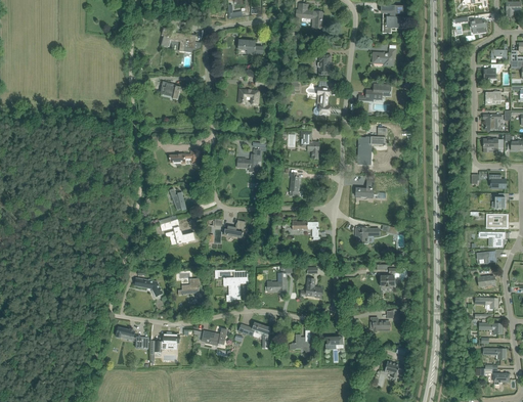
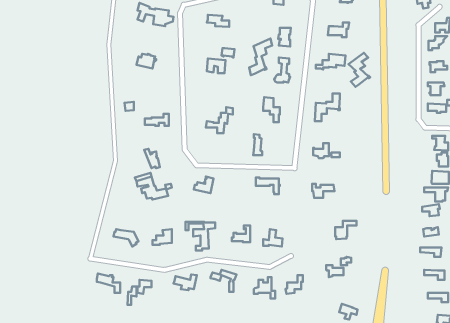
building: none -> [249,38,272,75]
building: none -> [348,53,370,87]

